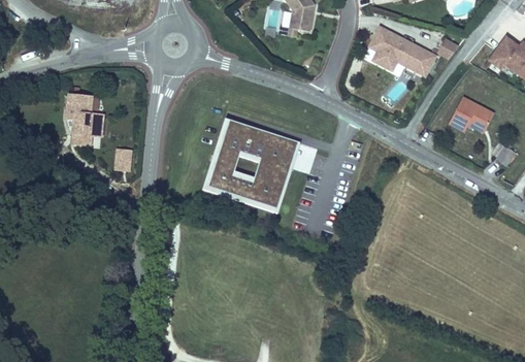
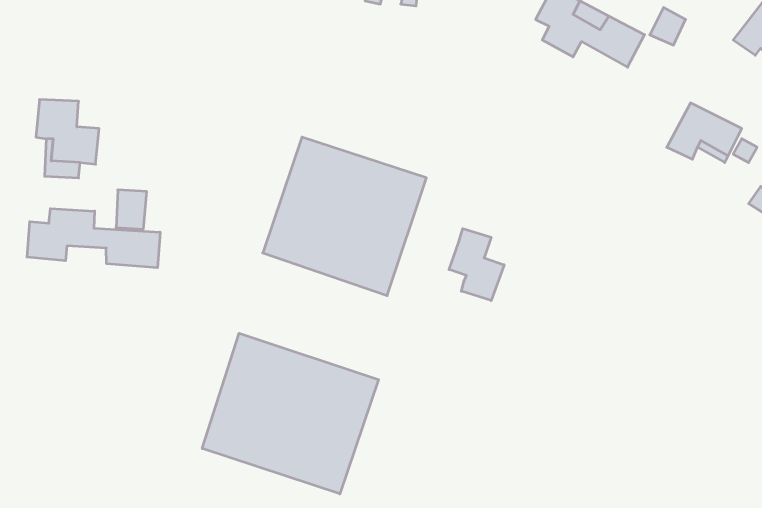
building: none -> [27,209,160,268]
building: none -> [449,229,504,301]
building: none -> [202,333,379,494]

